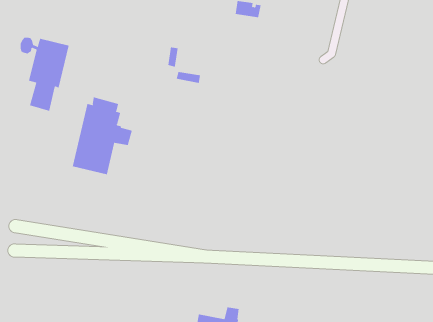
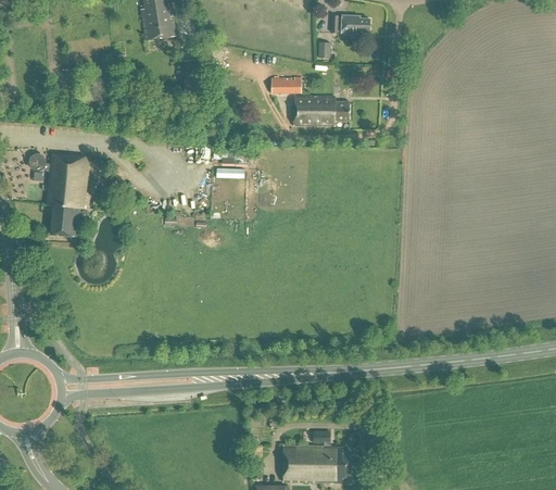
building: none -> [293,95,351,126]
building: [72,96,132,175] -> none

